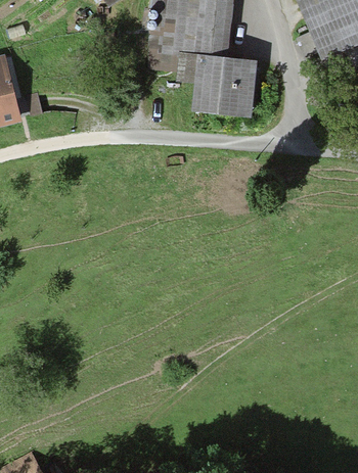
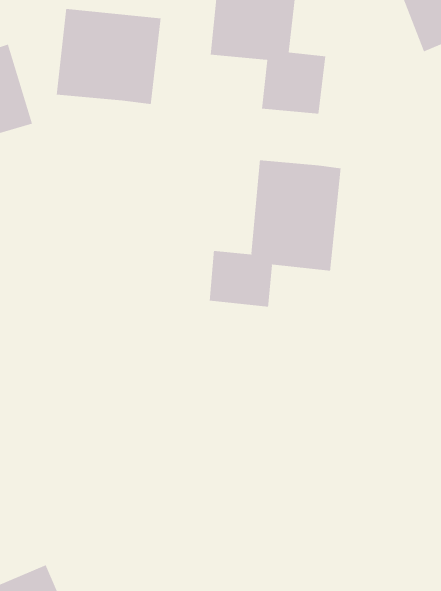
building: none -> [56,8,161,105]
building: none -> [209,159,341,308]

